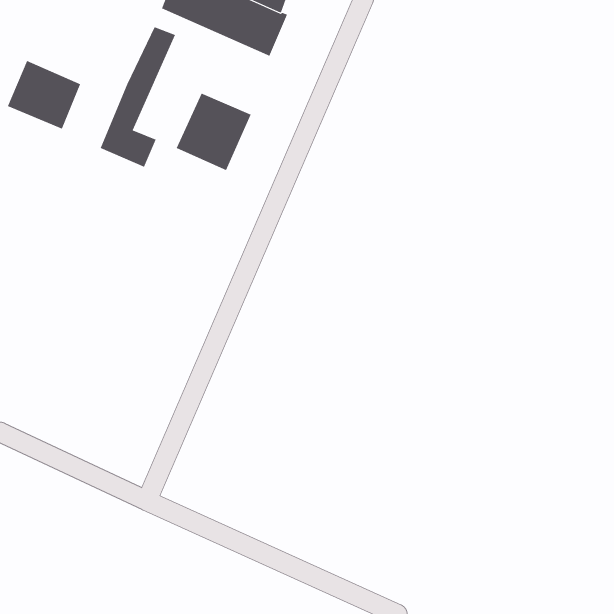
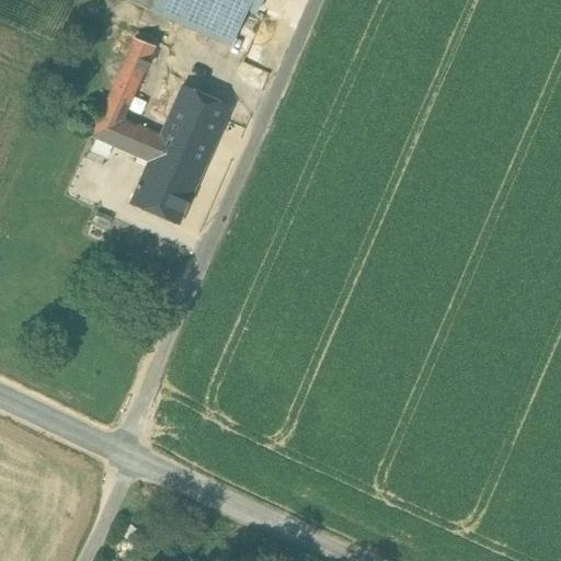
building: [7,60,81,129] -> none
building: none -> [133,127,207,222]

